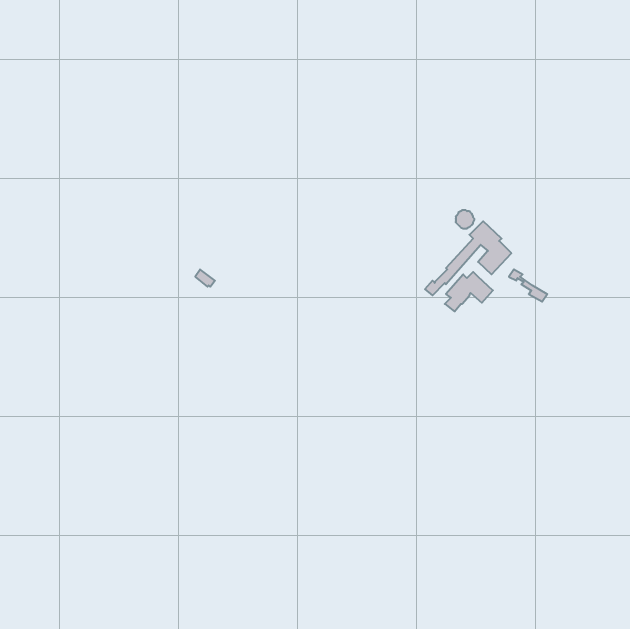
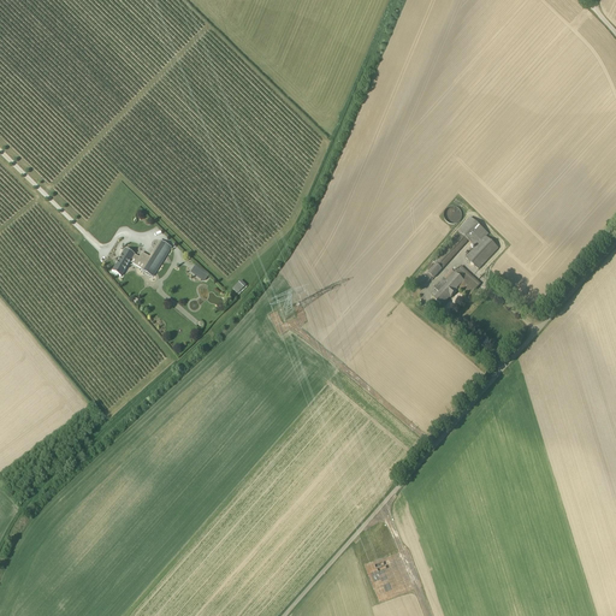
building: none -> [113,238,173,276]

